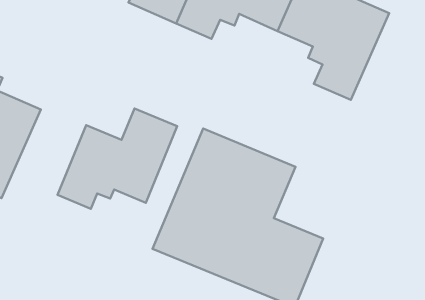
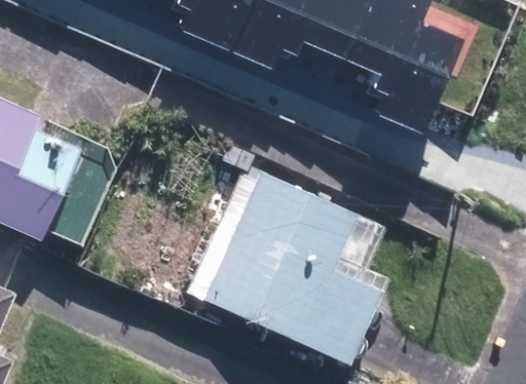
building: [57,108,177,209] -> none

